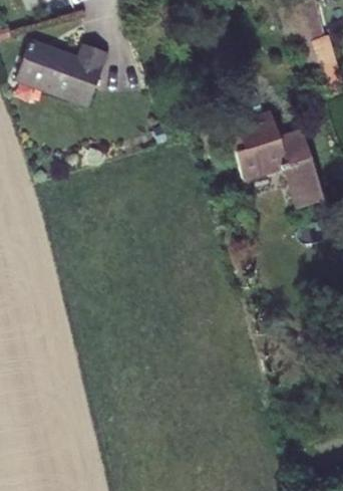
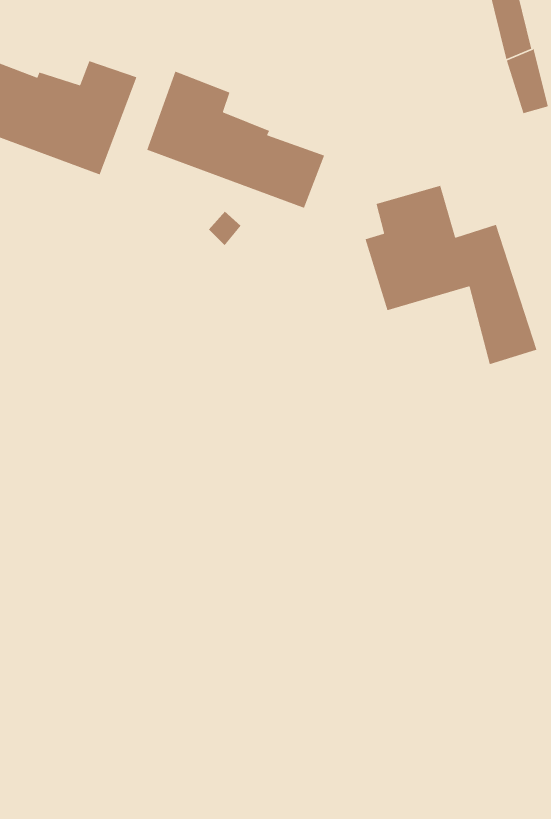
building: none -> [146,71,325,209]

